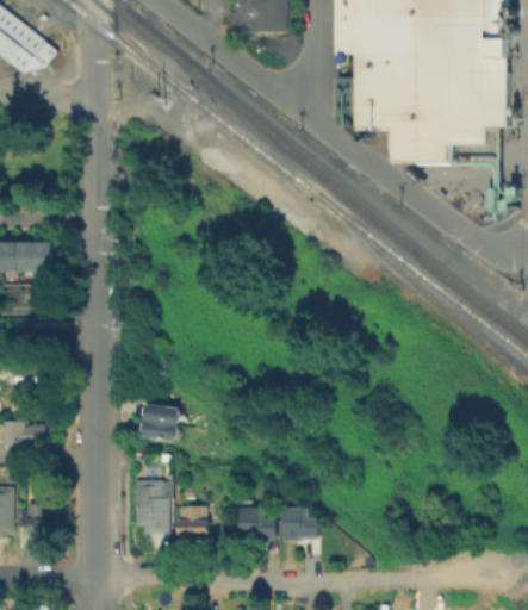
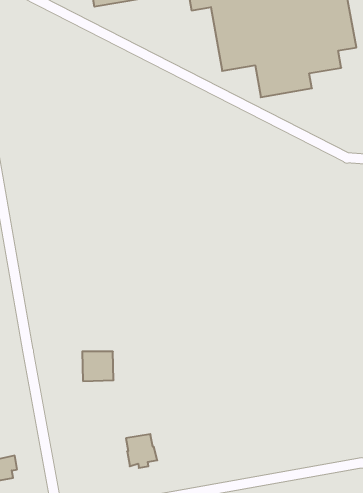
building: [137,480,170,530] -> none
building: [241,506,278,537] -> none
building: [282,506,322,537] -> none

